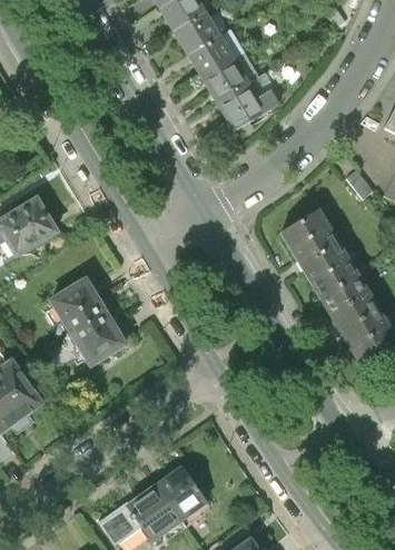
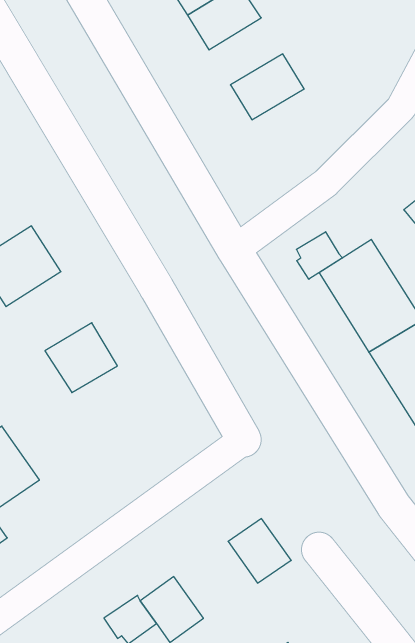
building: [184,21,245,77] -> none
building: [219,80,280,135] -> none
building: none -> [296,232,343,279]
building: [70,310,130,367] -> none
building: [155,465,207,519] -> [228,519,291,583]

